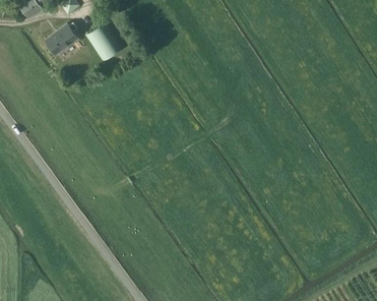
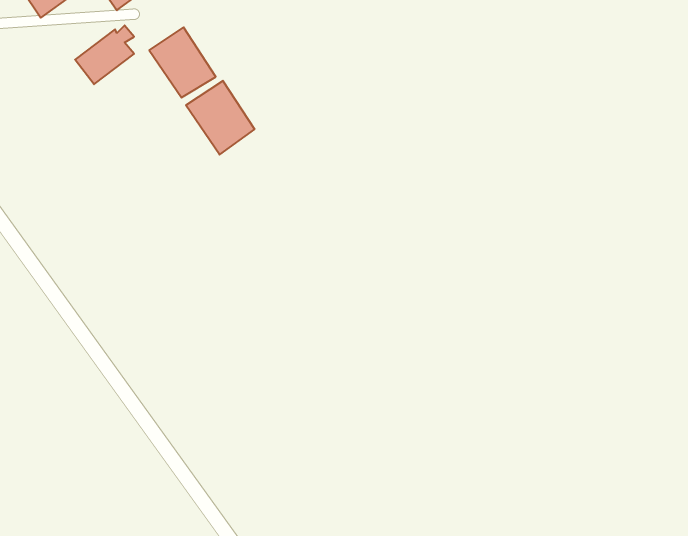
building: none -> [186,81,254,155]

